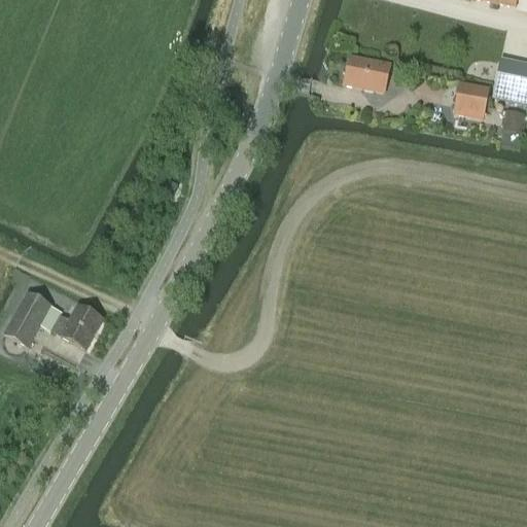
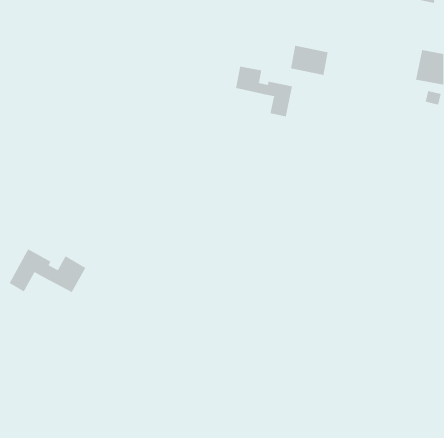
building: none -> [235,66,293,117]
building: [454,81,488,118] -> none

